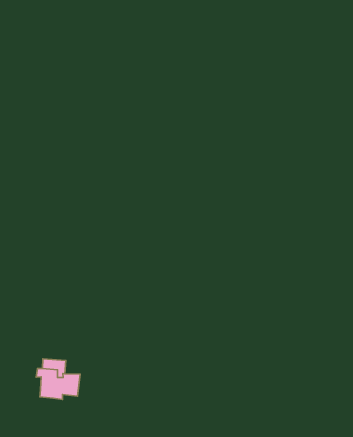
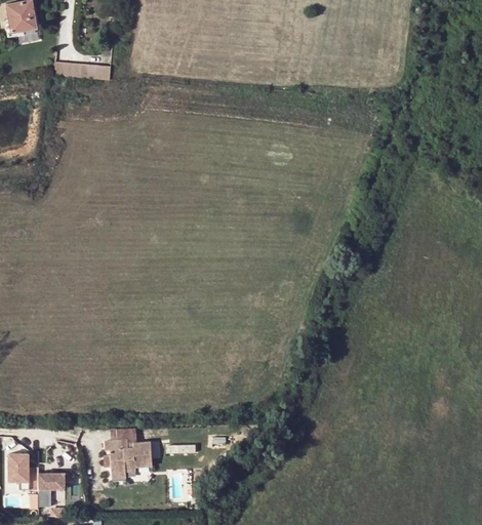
building: none -> [56,60,112,79]

